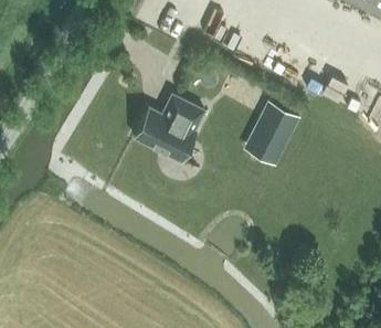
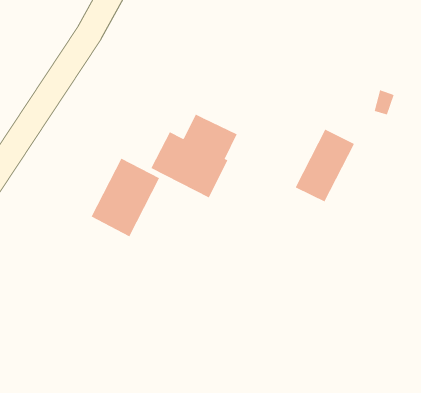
building: none -> [91,158,160,237]

